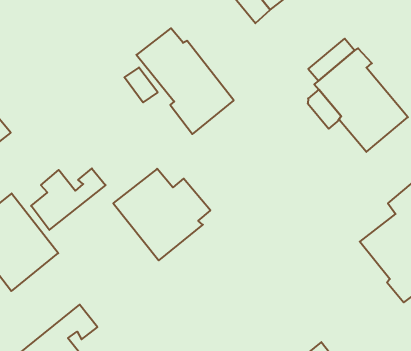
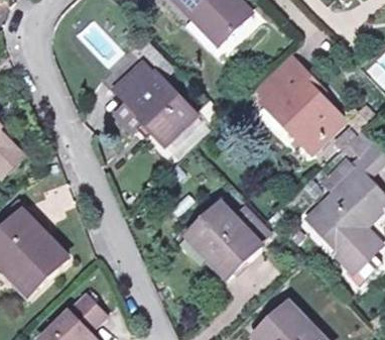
building: [31,168,106,230] -> none
building: [113,169,210,260] -> [187,207,267,281]

